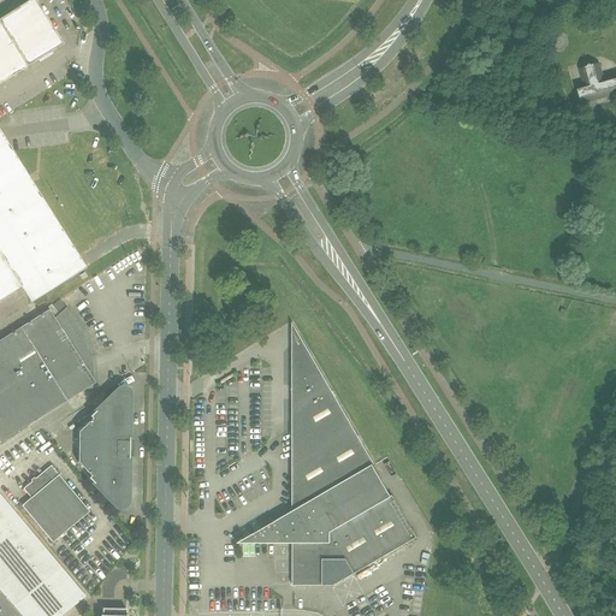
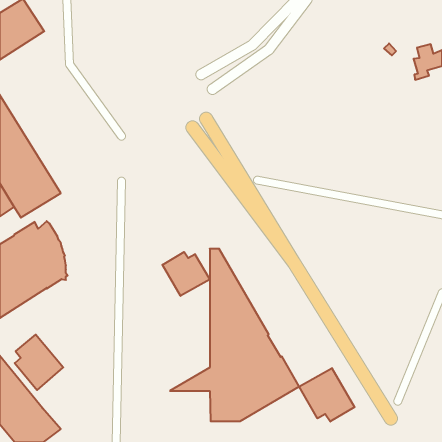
building: none -> [162,252,210,296]
building: [77,387,130,508] -> none
building: none -> [299,368,355,422]

